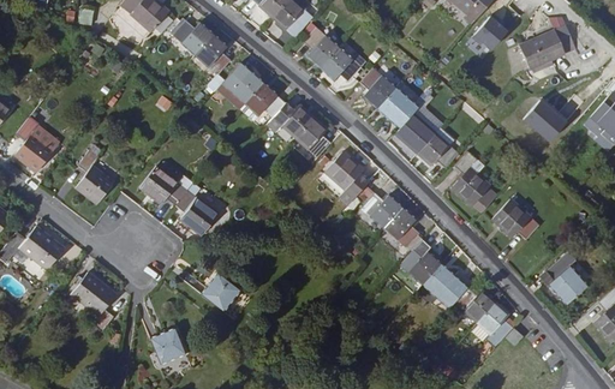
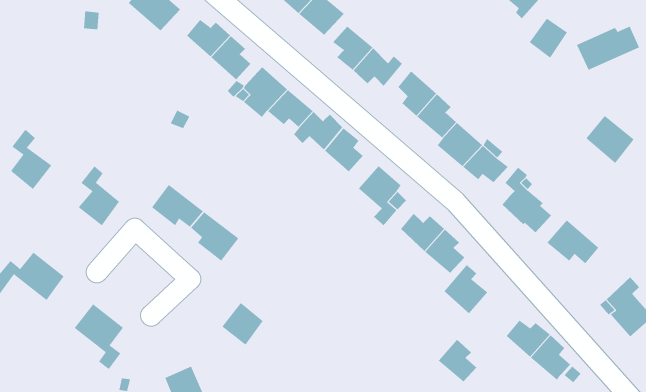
building: [423,263,458,301] -> [438,339,477,382]

